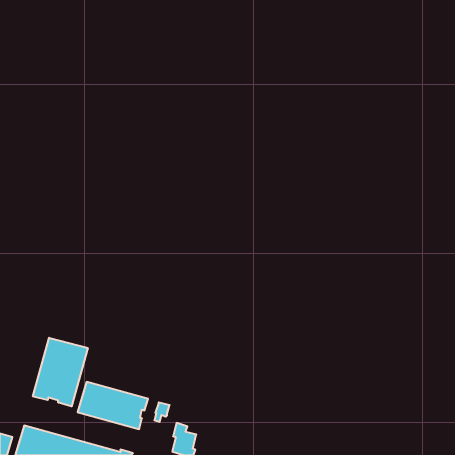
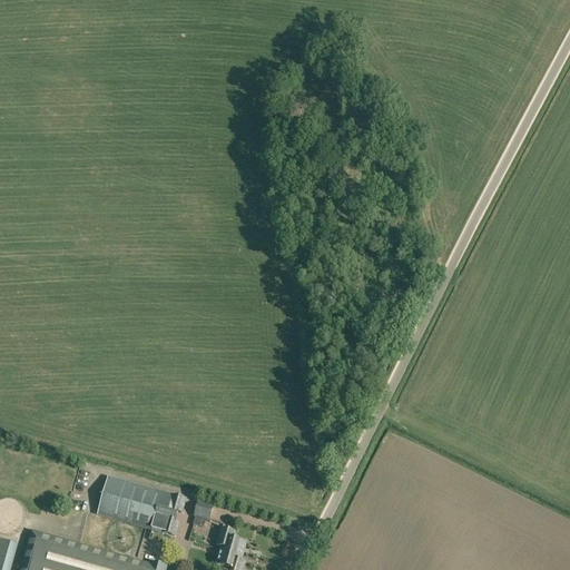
building: [33,338,88,406] -> none

